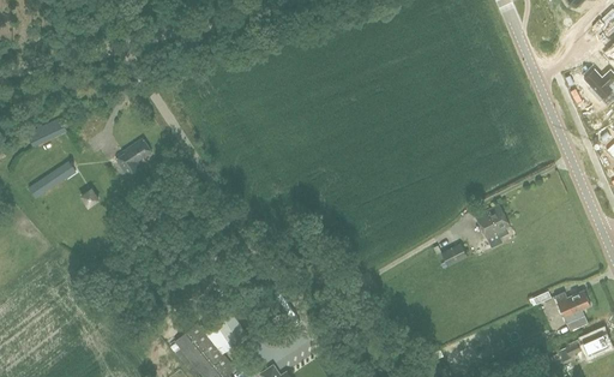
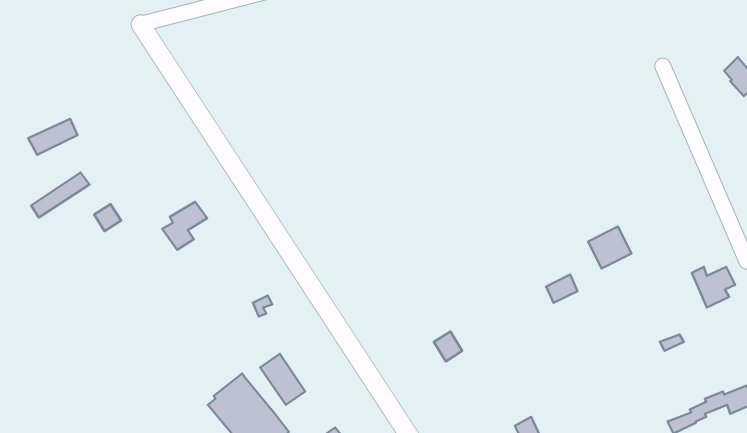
building: [116,139,152,178] -> [162,202,207,250]
building: [555,292,590,324] -> [692,267,735,307]

